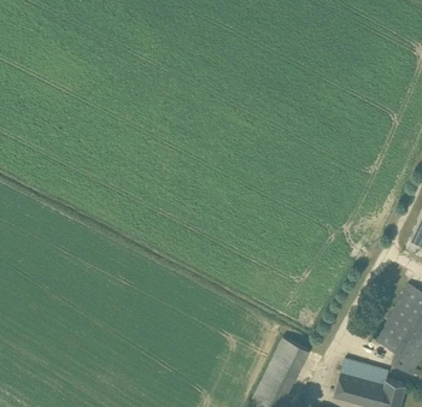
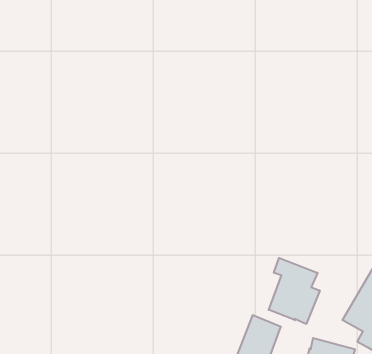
building: none -> [269,258,320,324]

